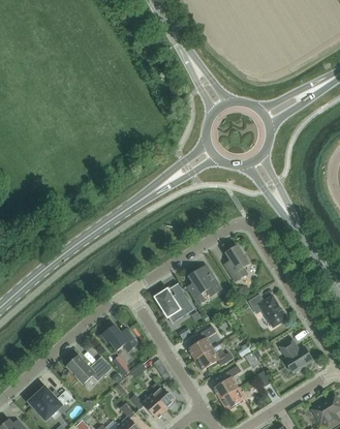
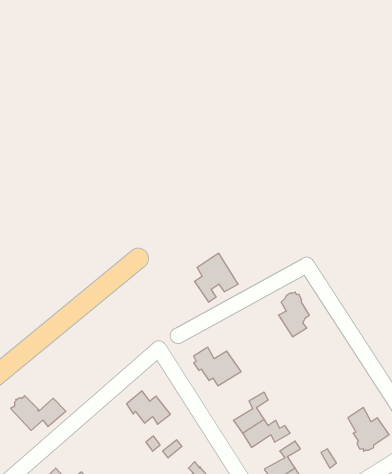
building: [187,265,222,304] -> [194,253,238,302]
building: [248,294,287,327] -> none
building: [67,356,112,384] -> [11,396,66,430]

